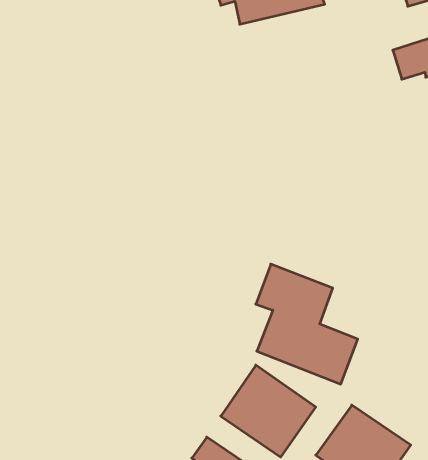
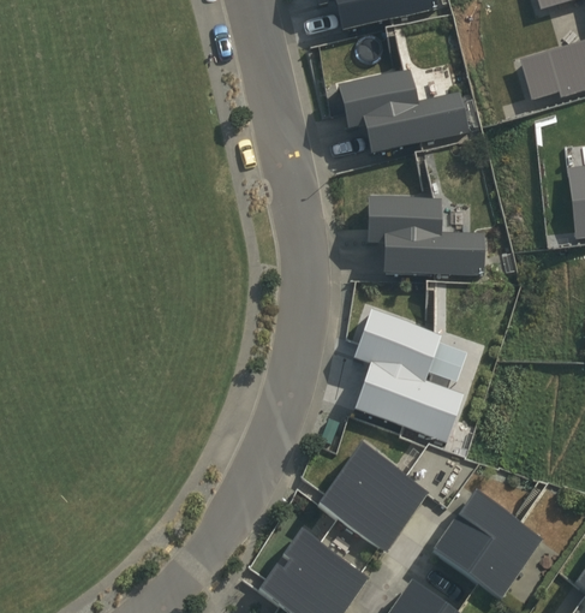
building: none -> [338,69,471,154]
building: none -> [365,197,485,274]

